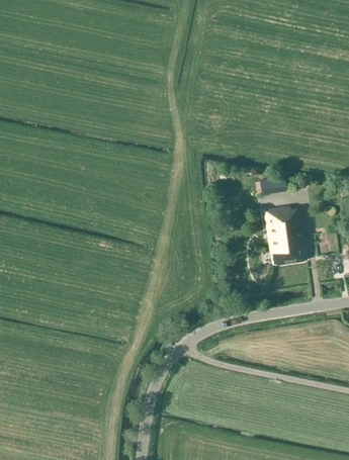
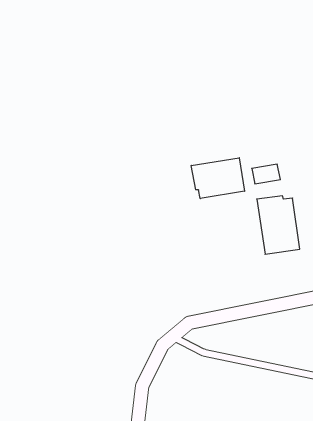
building: none -> [191,158,245,199]

